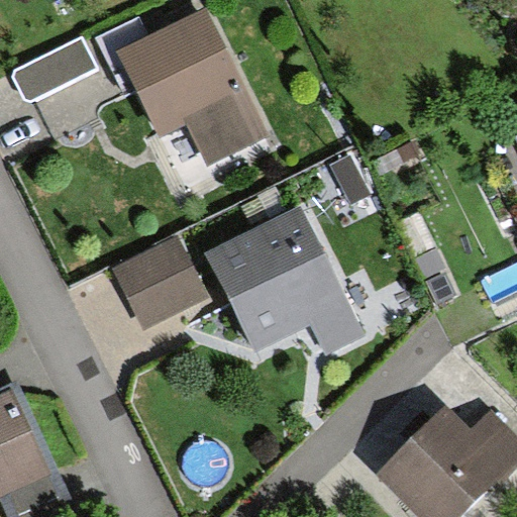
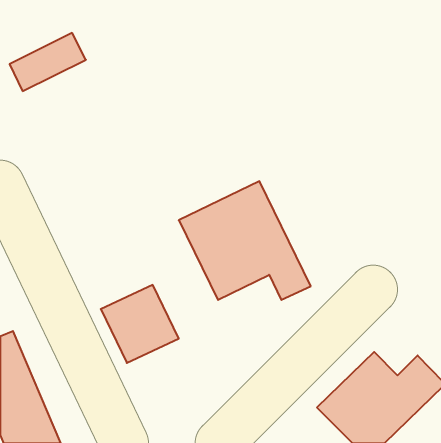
building: [117,12,261,165] -> none
building: [111,238,202,329] -> [101,285,179,363]

